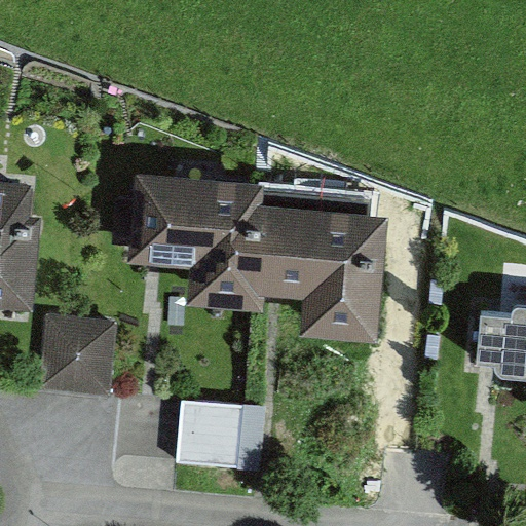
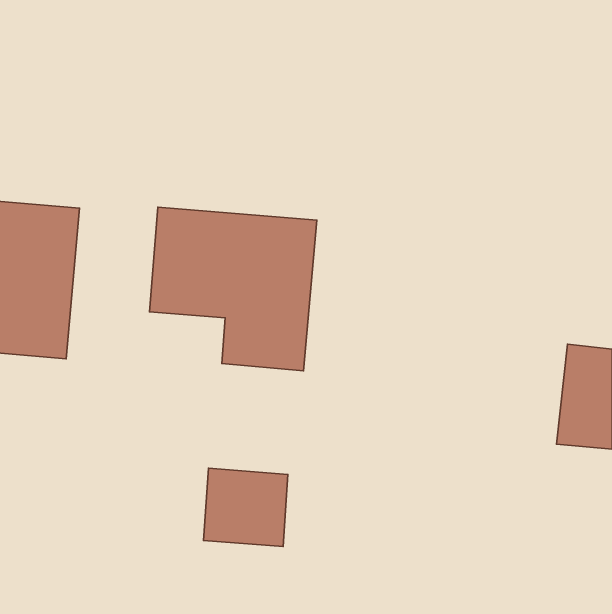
building: [264,196,407,336] -> none
building: [33,318,109,393] -> none

